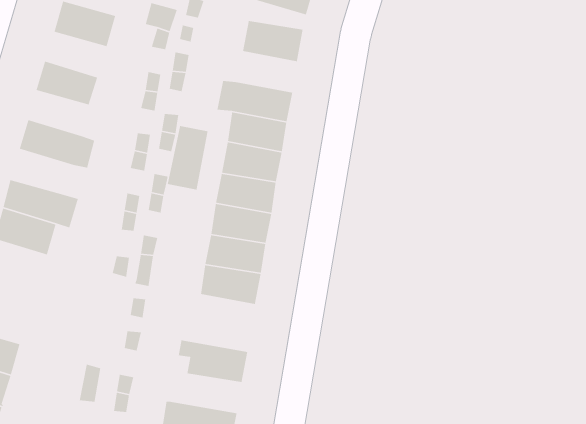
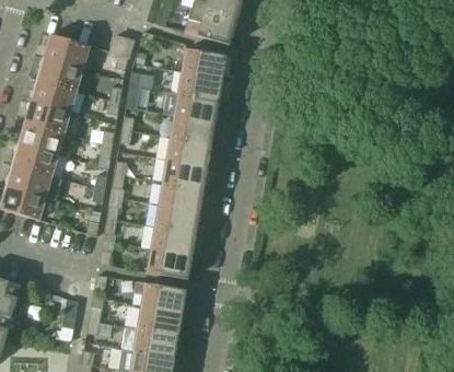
building: none -> [36,57,82,90]
building: none -> [176,71,221,101]
building: none -> [24,100,69,132]
building: [167,125,209,190] -> none
building: none -> [11,142,57,175]
building: none -> [145,248,190,279]
building: none -> [127,306,181,335]

